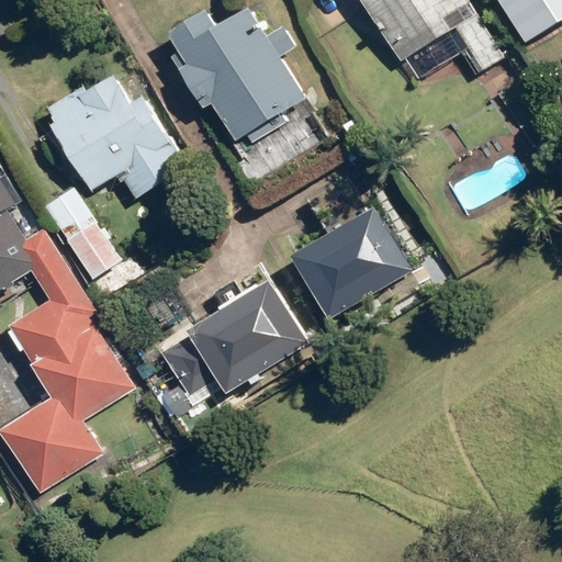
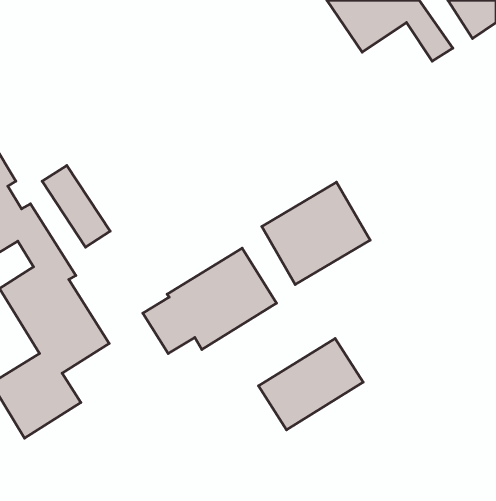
building: [169,8,304,140] -> none
building: [48,74,189,199] -> none
building: none -> [258,338,363,430]

